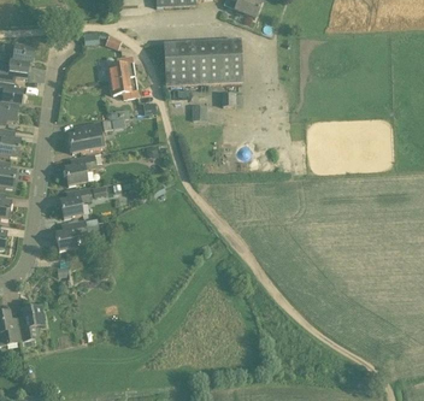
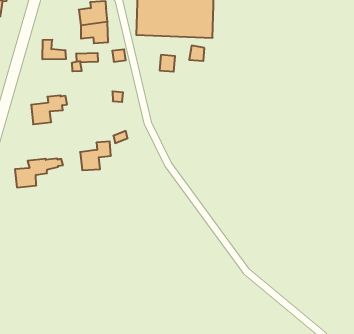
building: [67,122,101,152] -> none
building: [60,185,92,217] -> [80,141,111,170]

